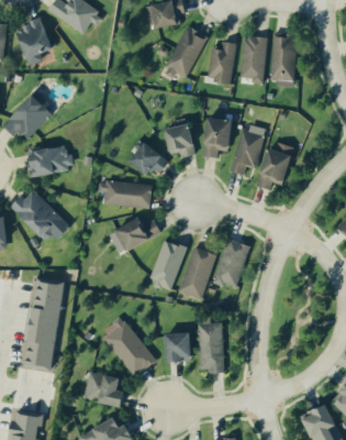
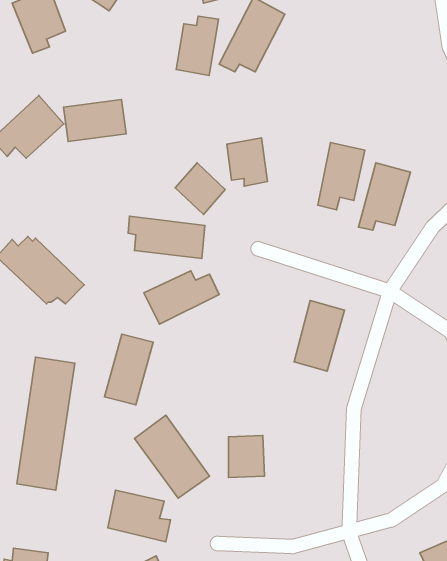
building: [271,32,297,79] -> none
building: [241,35,266,82] -> none
building: [207,41,236,82] -> [176,16,218,76]
building: [203,117,233,157] -> none
building: [27,145,71,175] -> [63,99,126,142]
building: [150,240,185,289] -> [104,334,153,405]
building: [179,246,215,298] -> none
building: [199,322,224,371] -> none

